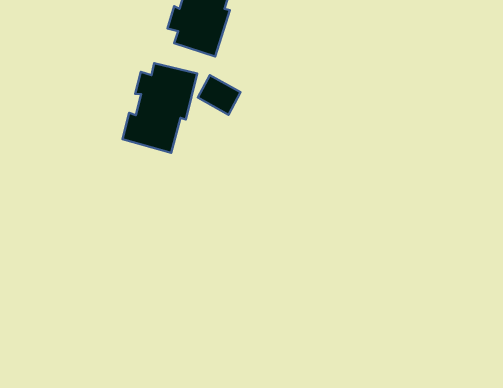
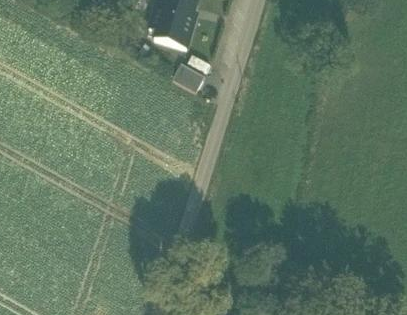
building: [122,63,197,153] -> none

